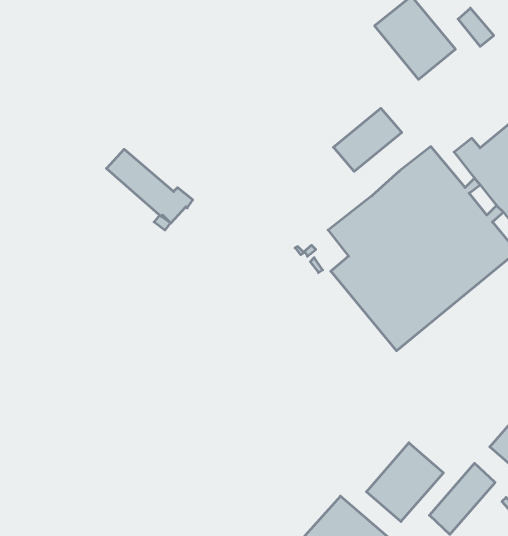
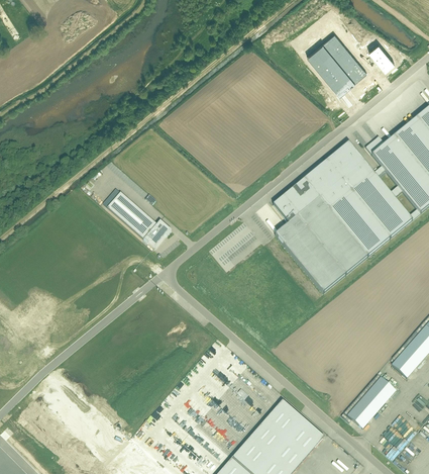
building: [333,108,402,171] -> none
building: [106,149,193,223] -> [107,191,171,246]
building: [366,443,443,522] -> none

